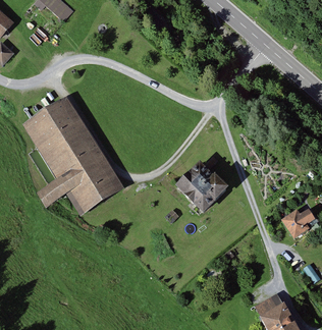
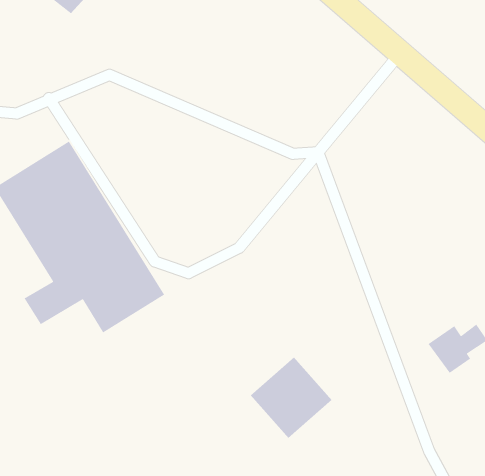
building: [176,161,226,211] -> [250,356,332,439]

